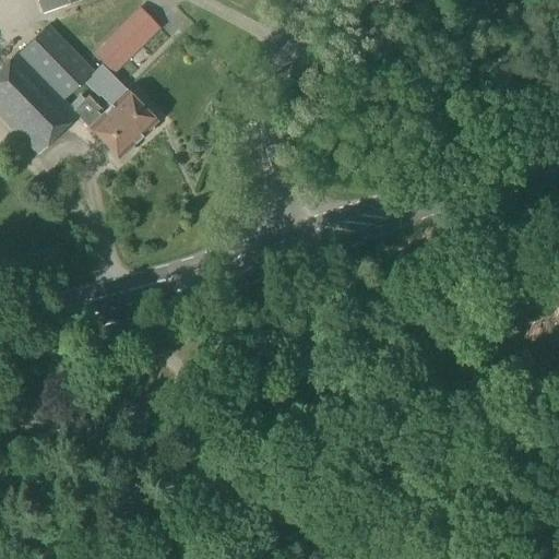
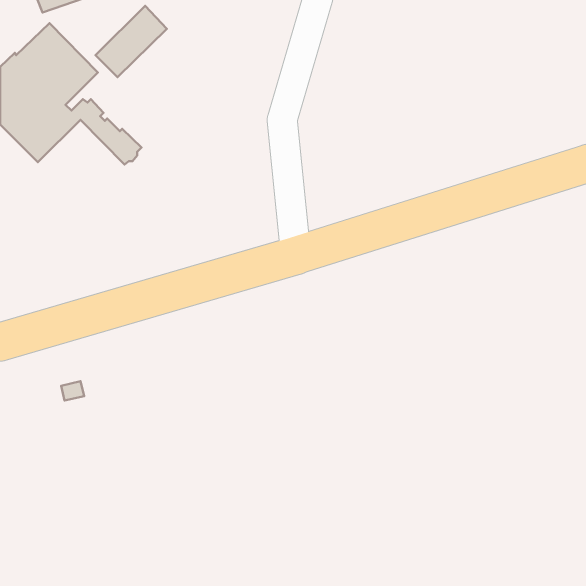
building: [96,73,157,140] -> none

